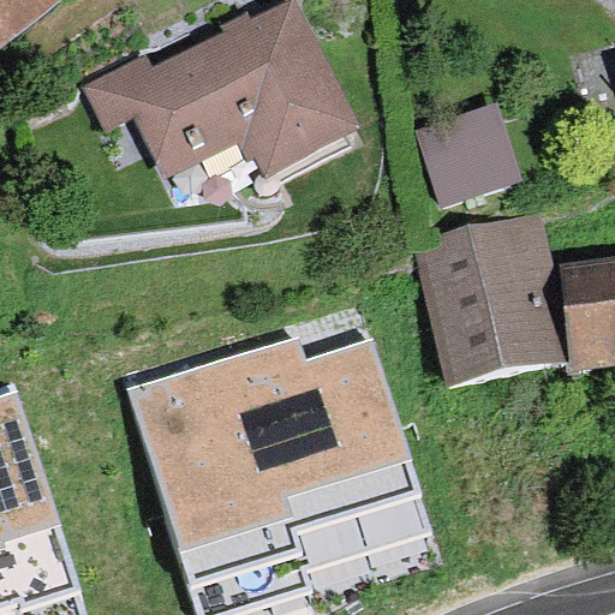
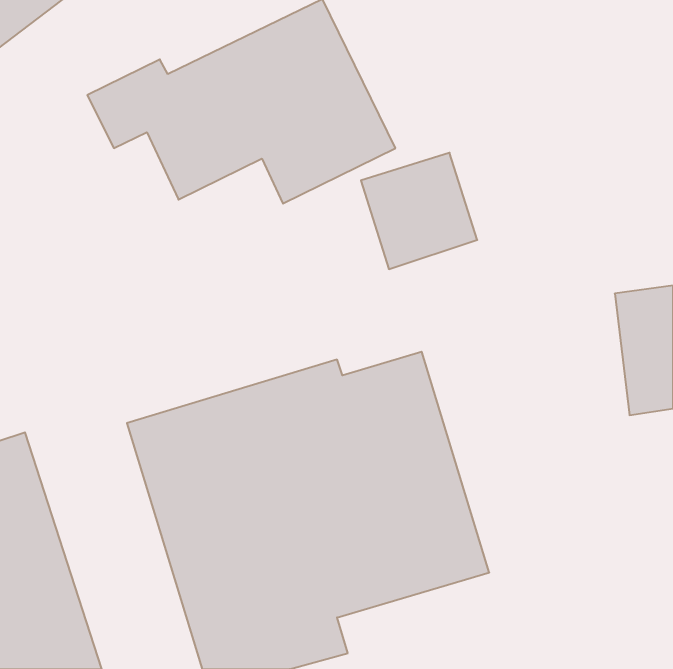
building: [416,103,521,209] -> [361,153,477,269]
building: [416,210,567,394] -> none

